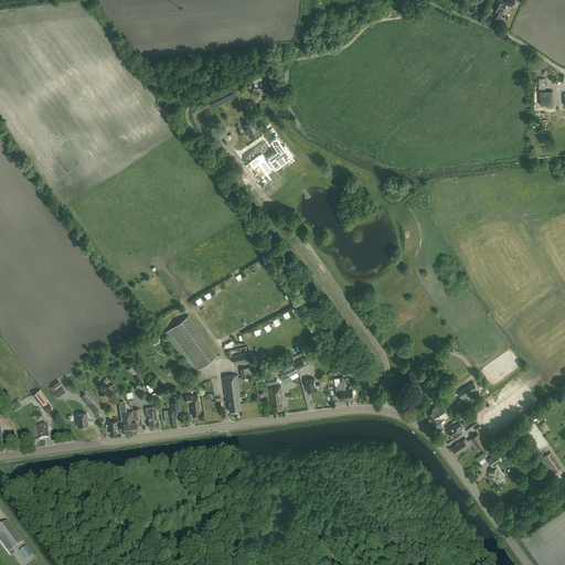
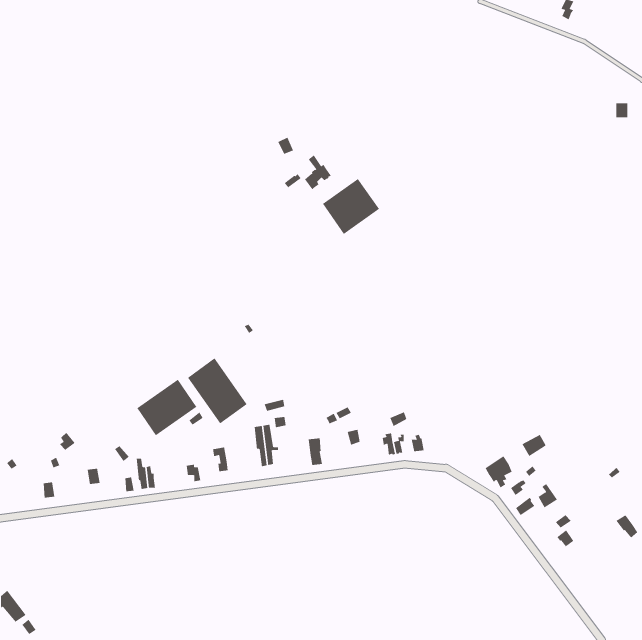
building: none -> [322,178,380,235]
building: none -> [137,379,197,436]

